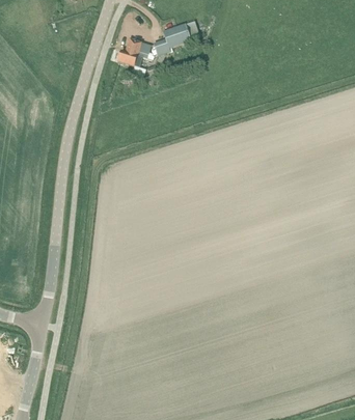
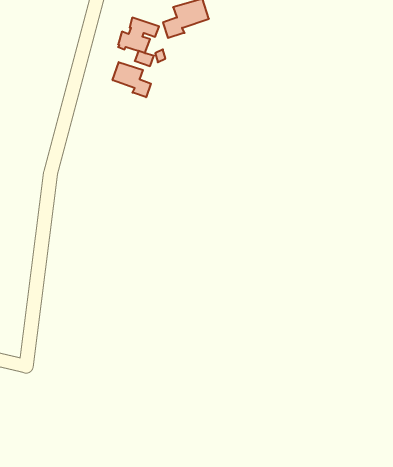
building: none -> [113,62,151,97]

